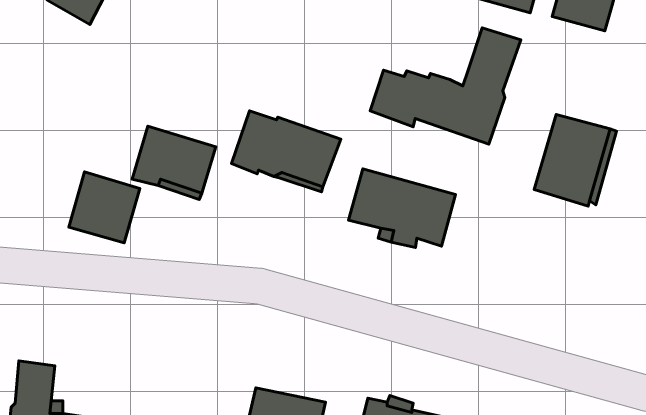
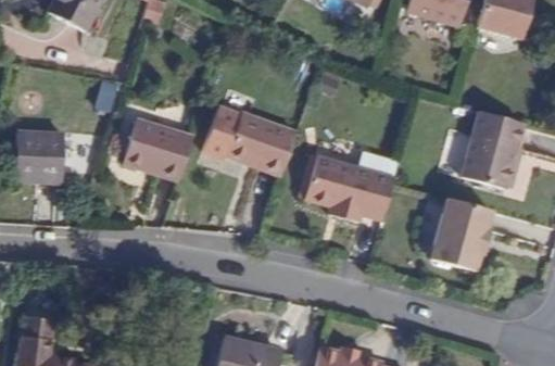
building: [370,28,521,144] -> none
building: [69,172,140,243] -> [17,118,77,178]
building: none -> [429,198,491,272]

